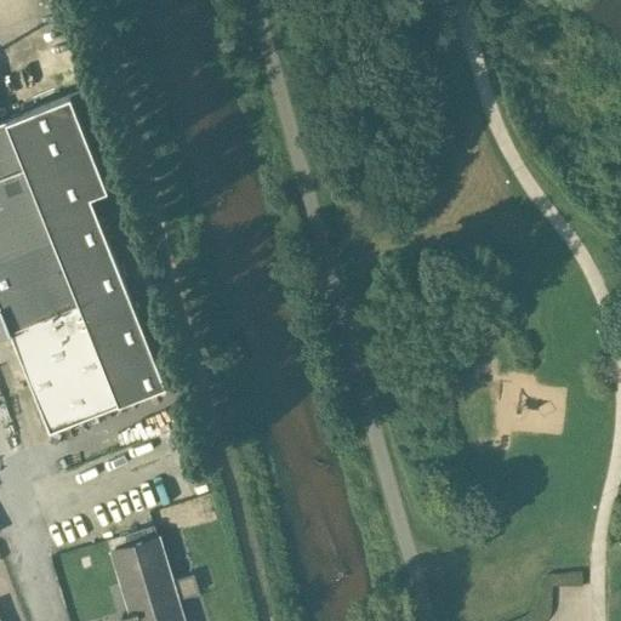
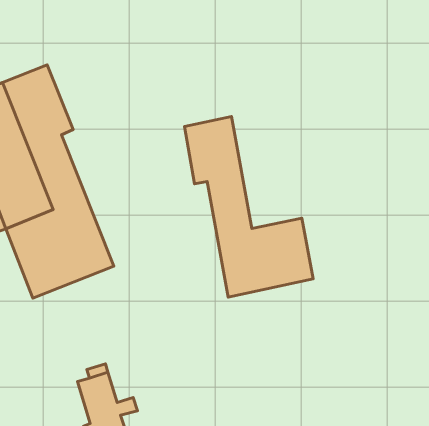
building: none -> [184,116,313,297]

